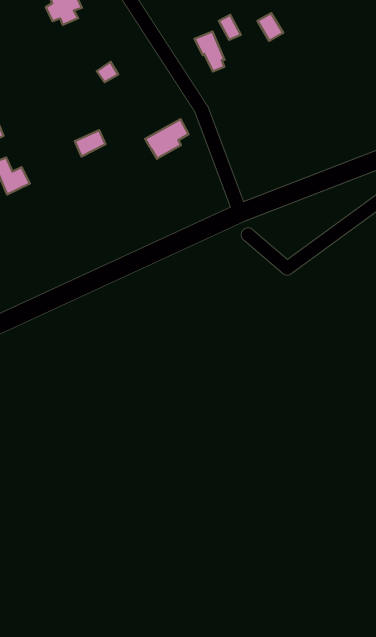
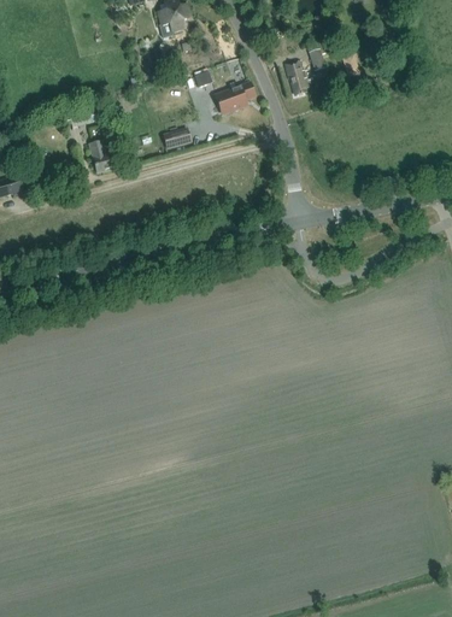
building: [145,119,189,159] -> [216,83,254,114]

